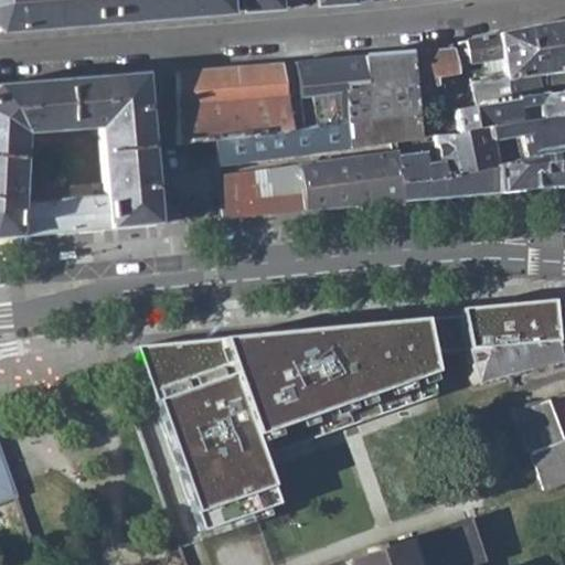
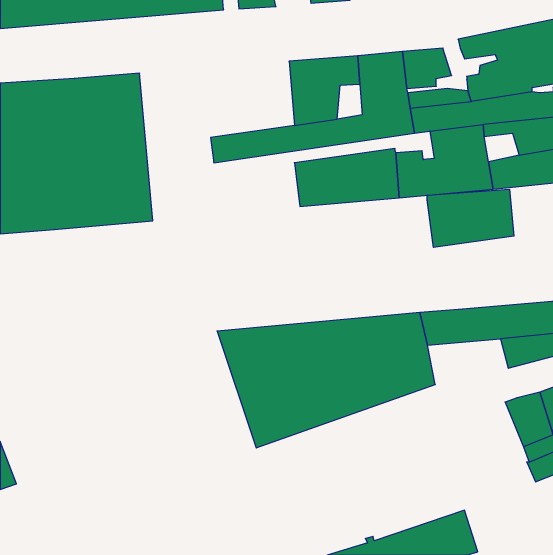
building: [178,62,302,145] -> none
building: [222,164,308,216] -> none
building: none -> [427,189,514,247]
building: [139,334,279,527] -> none
building: [472,342,519,383] -> none

